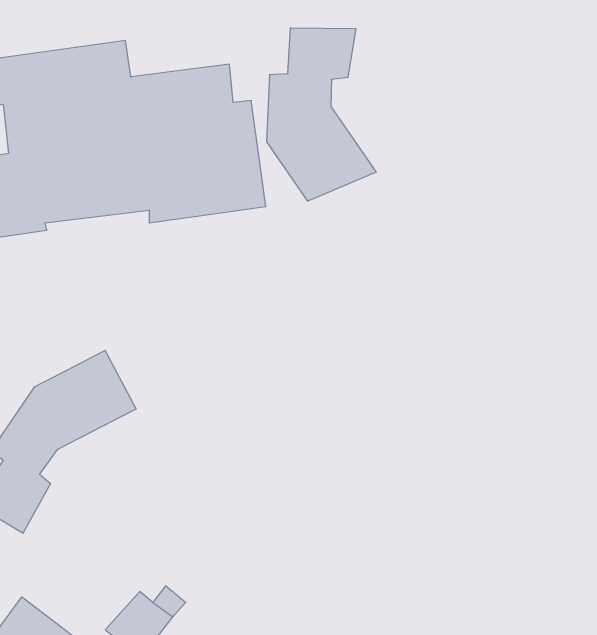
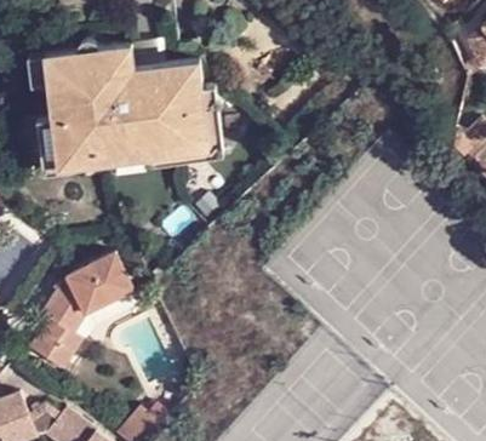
building: [267,28,376,201] -> none

